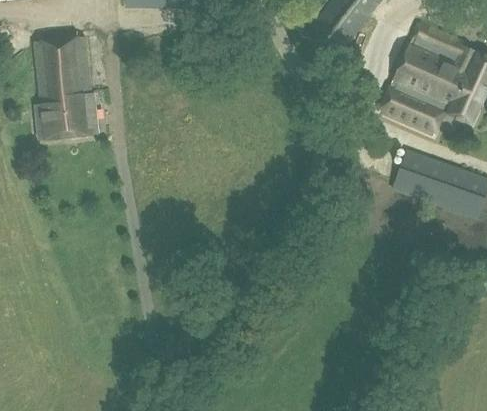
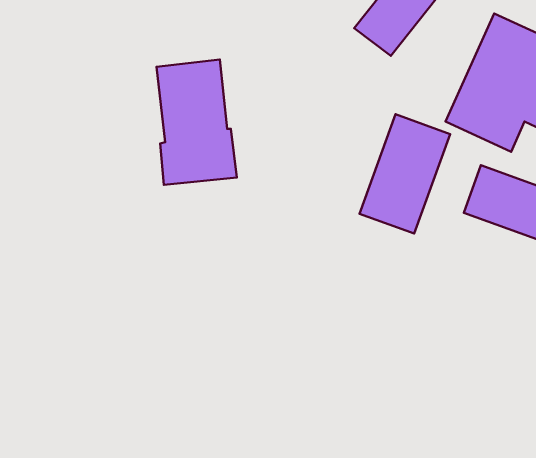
building: [34,36,100,139] -> [157,60,237,185]
building: none -> [360,114,450,234]

